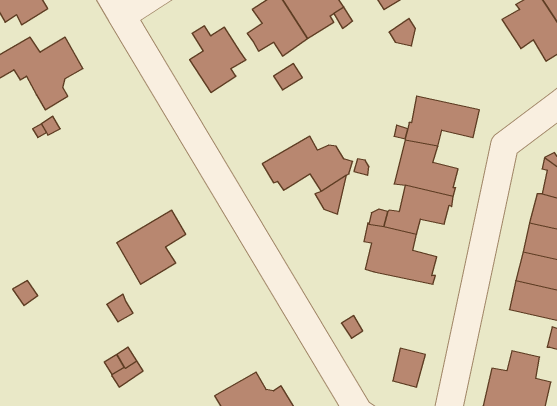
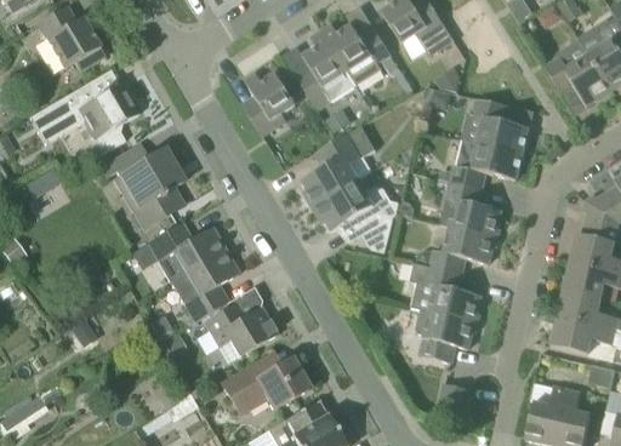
building: none -> [461,98,528,153]
building: none -> [302,126,375,205]
building: none -> [113,148,183,222]
building: none -> [148,222,224,282]
building: none -> [204,302,277,356]
building: none -> [416,309,477,362]
building: none -> [221,358,308,413]

